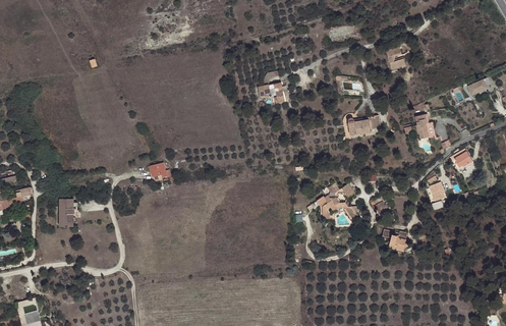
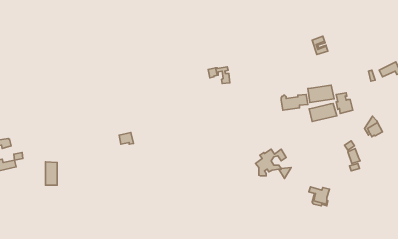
building: none -> [308,85,334,103]
building: none -> [309,103,337,121]

